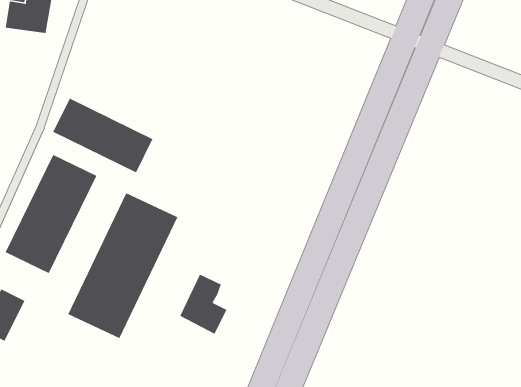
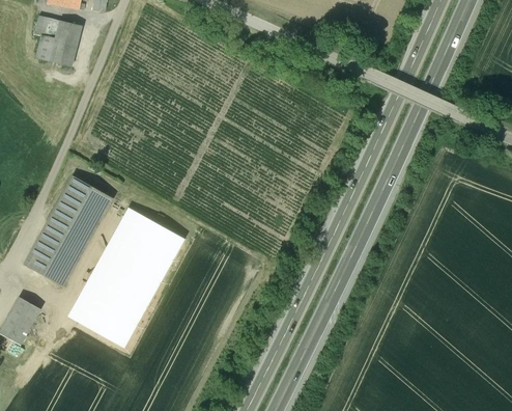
building: [52,98,154,174] -> none
building: [179,274,228,335] -> none

